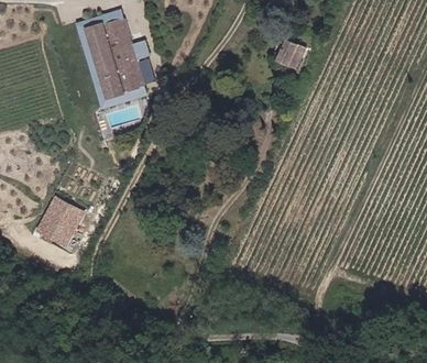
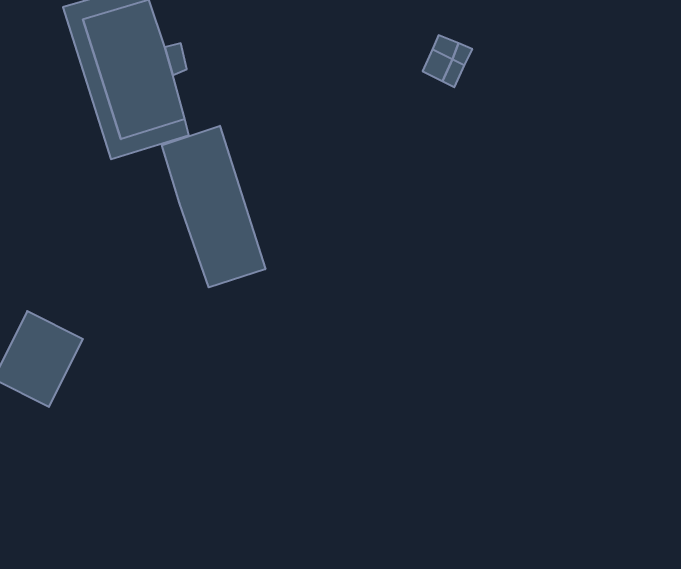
building: none -> [162,126,265,287]

